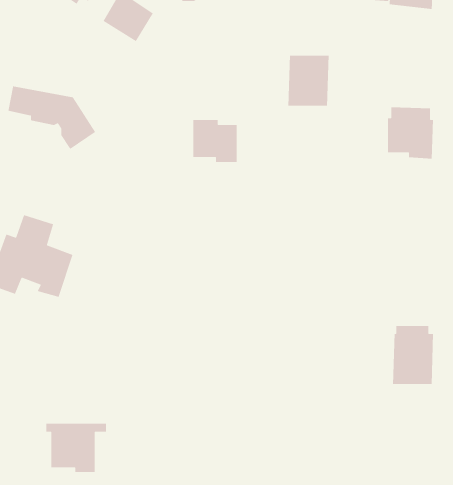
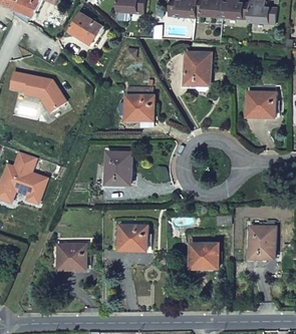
building: none -> [105,152,130,185]
building: none -> [117,220,146,251]
building: none -> [189,244,218,269]
building: [46,423,107,473] -> [54,239,92,270]

